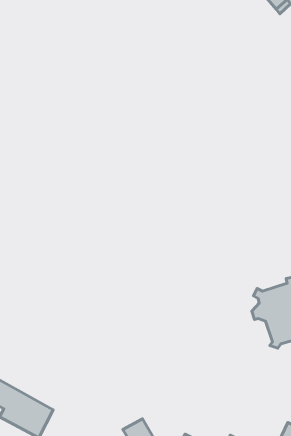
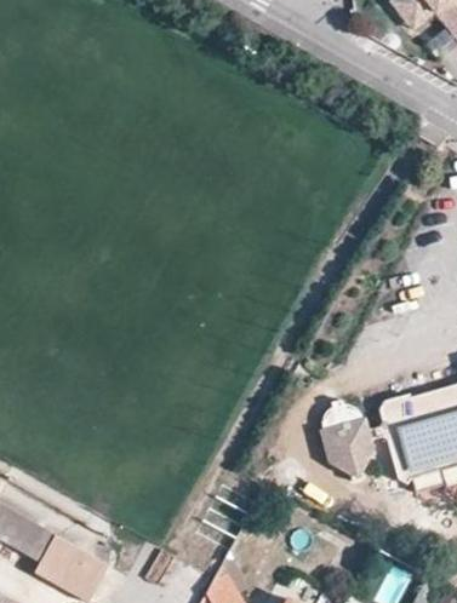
building: none -> [321,403,377,479]

